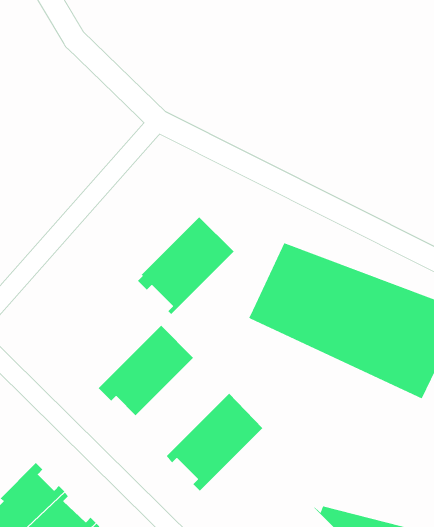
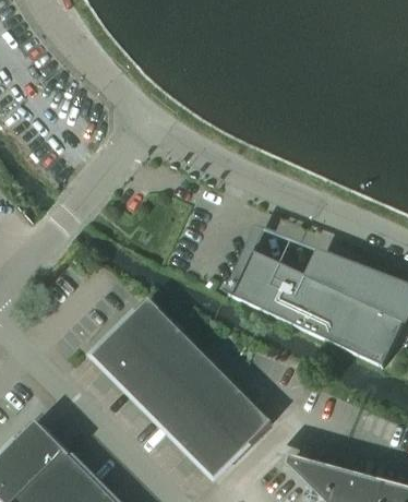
building: [137,216,234,315] -> [123,330,211,418]
building: none -> [184,393,269,477]

